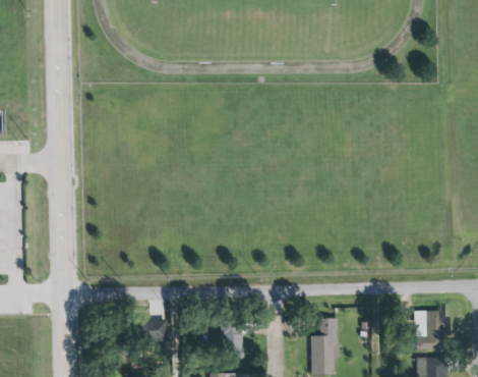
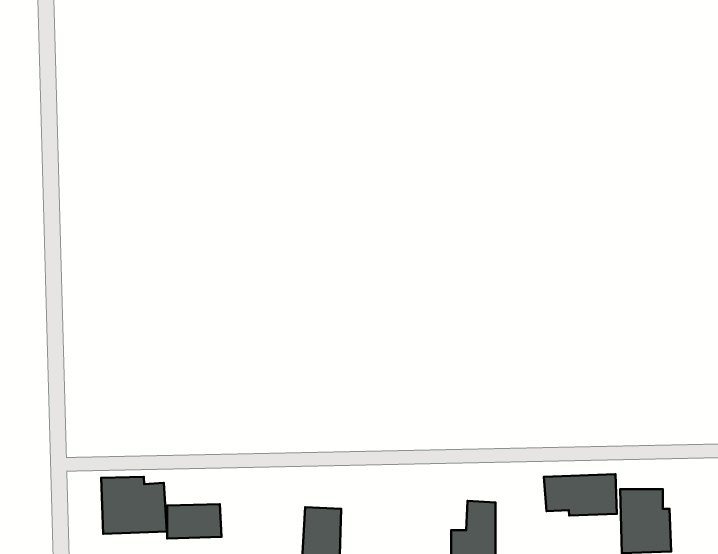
building: none -> [544,474,617,515]
building: none -> [101,477,167,534]

